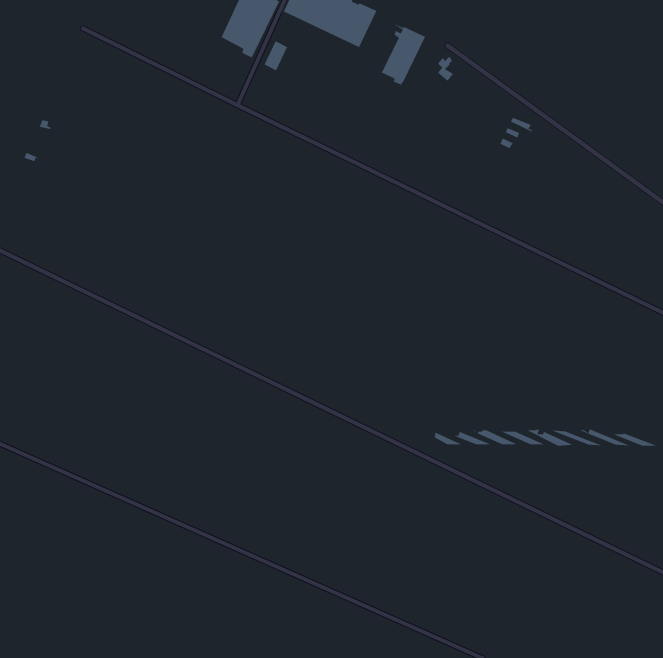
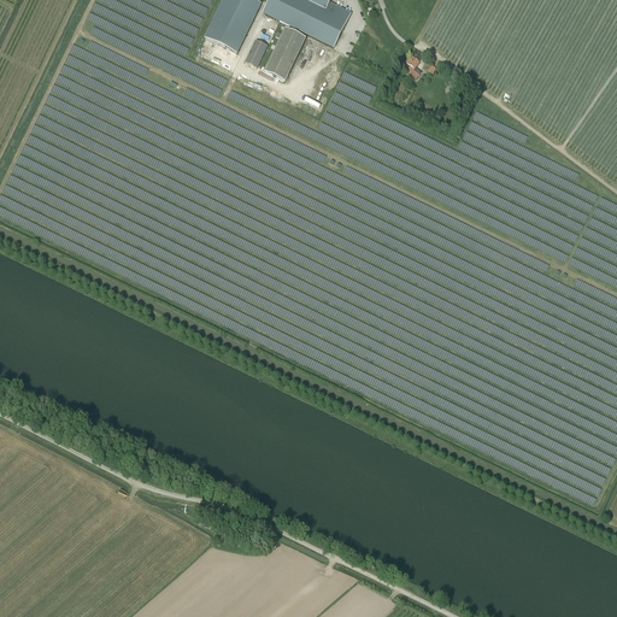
building: [381,23,426,86] -> [264,23,306,81]

